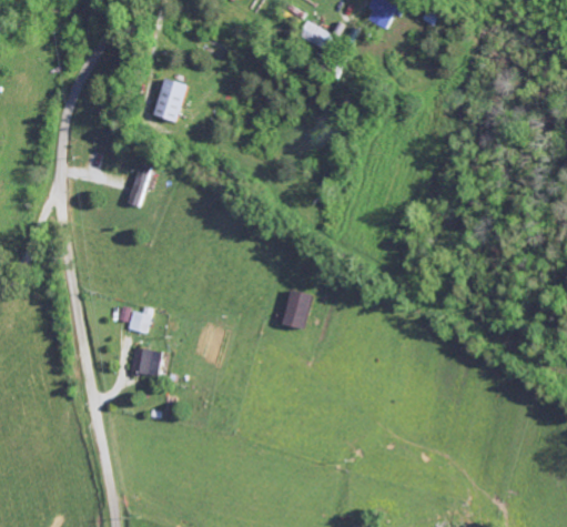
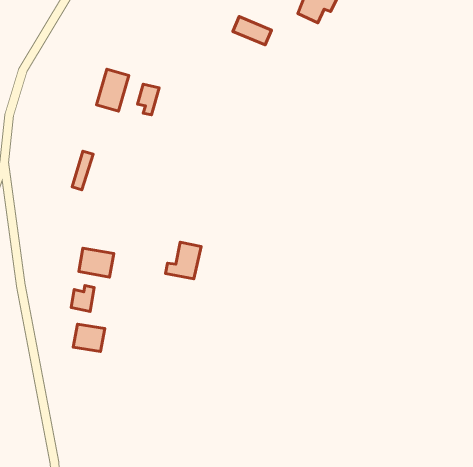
building: none -> [137,84,159,115]
building: none -> [79,248,114,277]
building: [273,290,311,328] -> [165,242,201,279]

